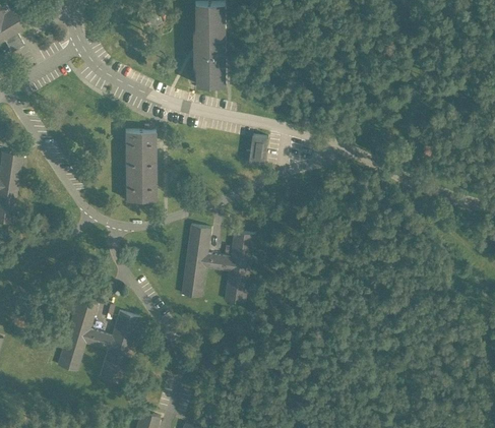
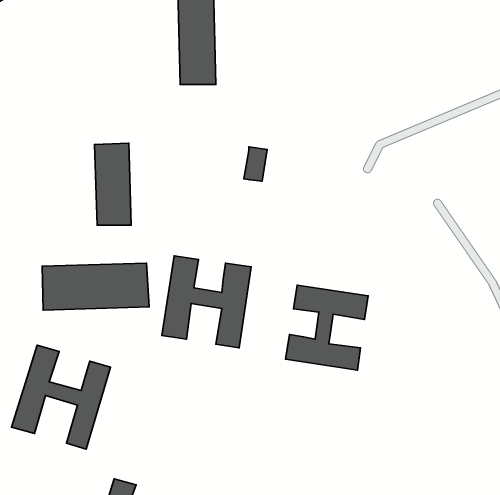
building: none -> [42,263,149,310]
building: none -> [285,285,368,370]

